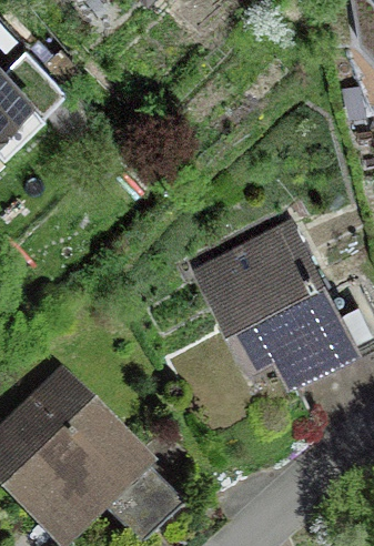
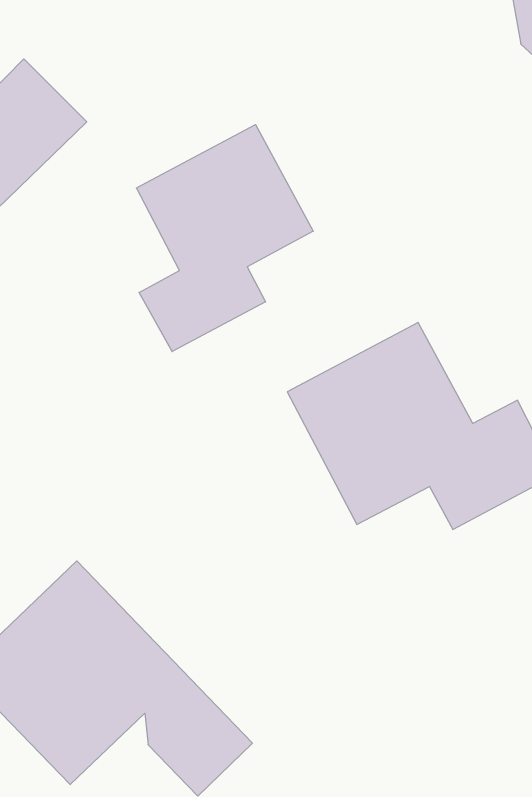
building: none -> [136,125,313,352]

